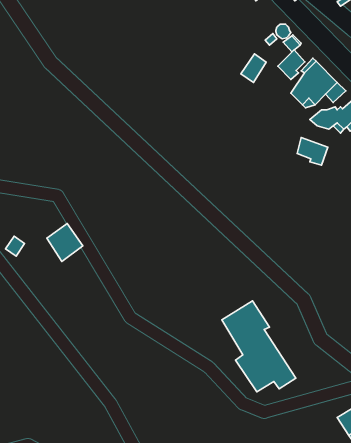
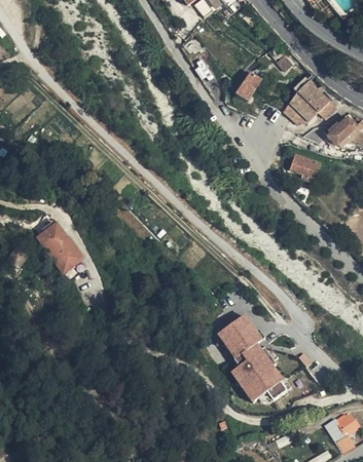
building: [278,50,305,79] -> none
building: none -> [35,213,66,254]

